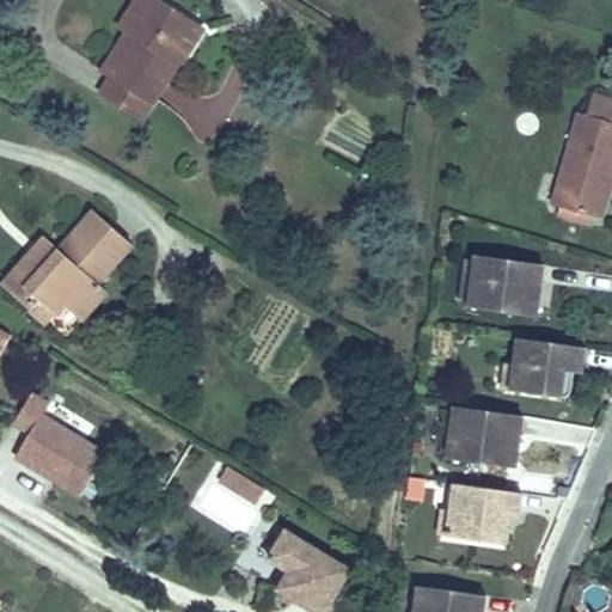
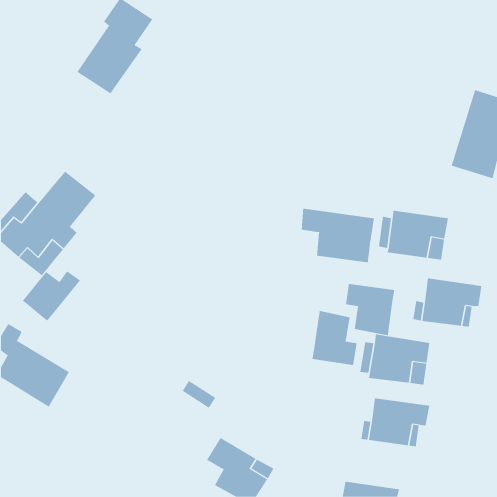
building: none -> [301,208,374,263]
building: none -> [22,270,81,322]
building: none -> [345,283,395,336]
building: none -> [312,310,357,366]

